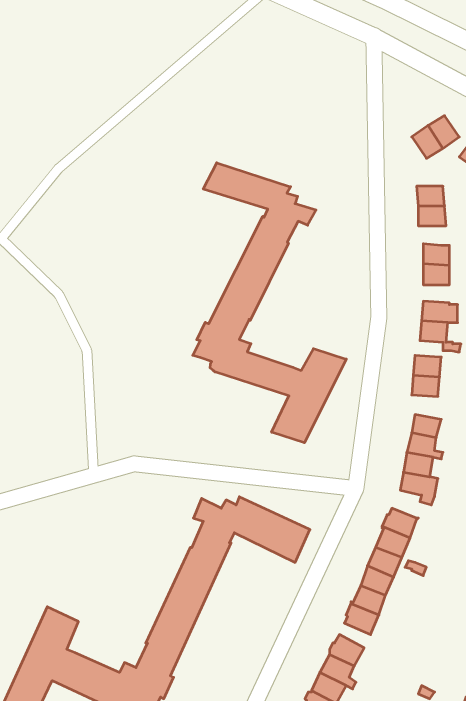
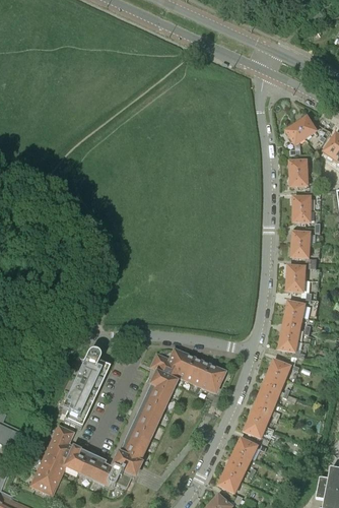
building: [193,163,346,443] -> none
building: none -> [57,350,104,426]

